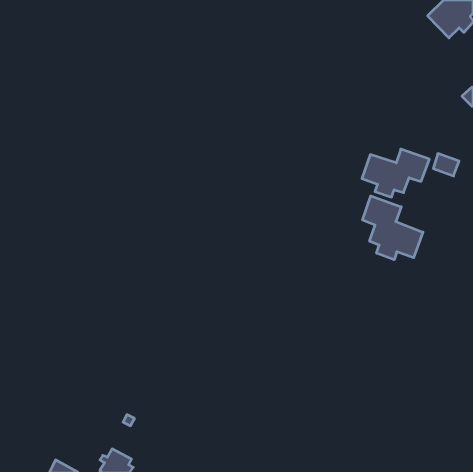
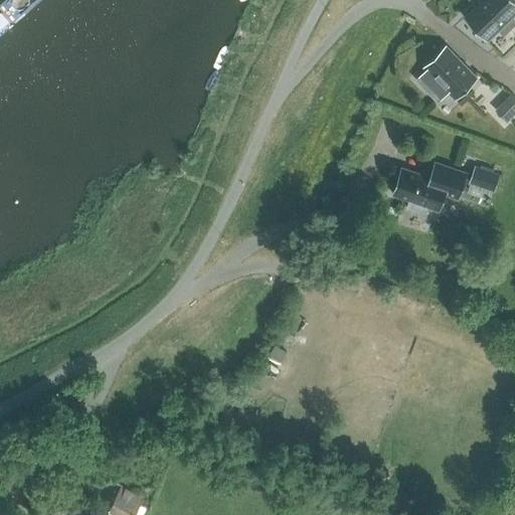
building: none -> [417,47,477,102]
building: [363,196,423,260] -> none

